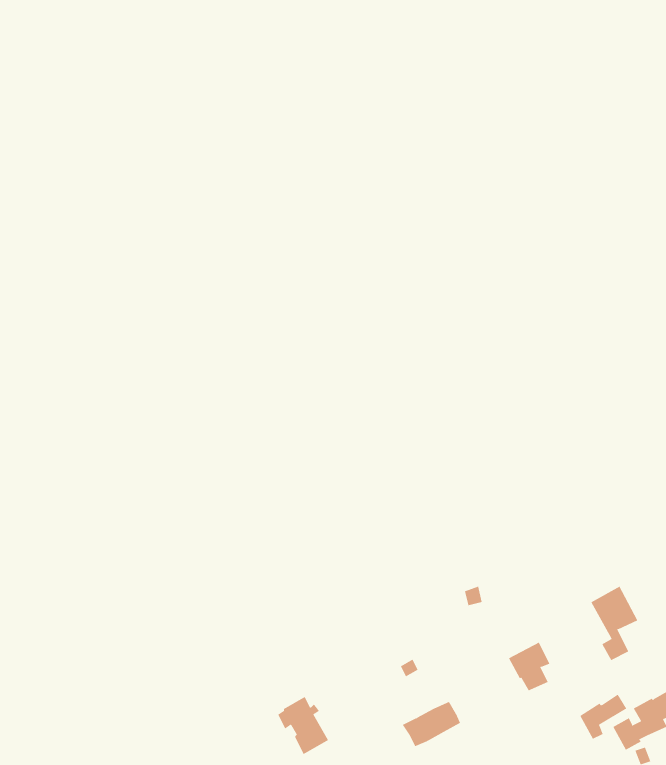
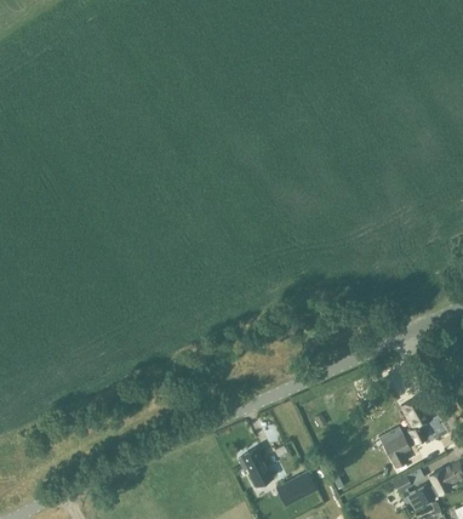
building: [508,642,550,691] -> [382,434,410,467]
building: [278,696,329,755] -> [238,447,271,486]

